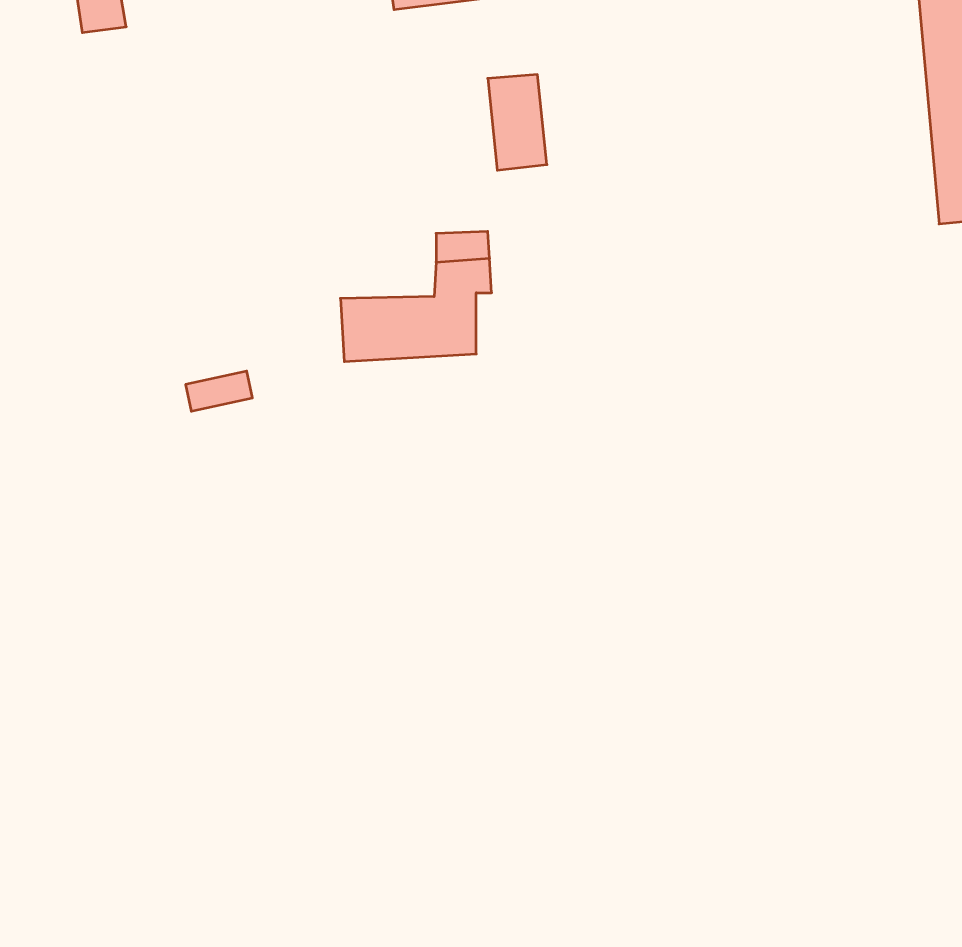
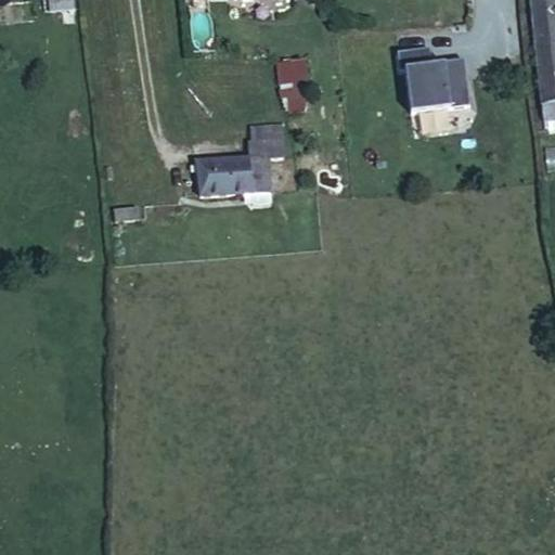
building: none -> [391,54,464,120]

